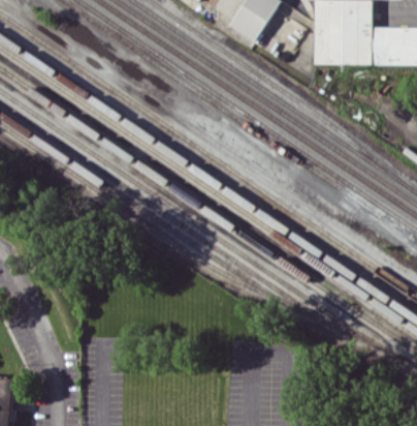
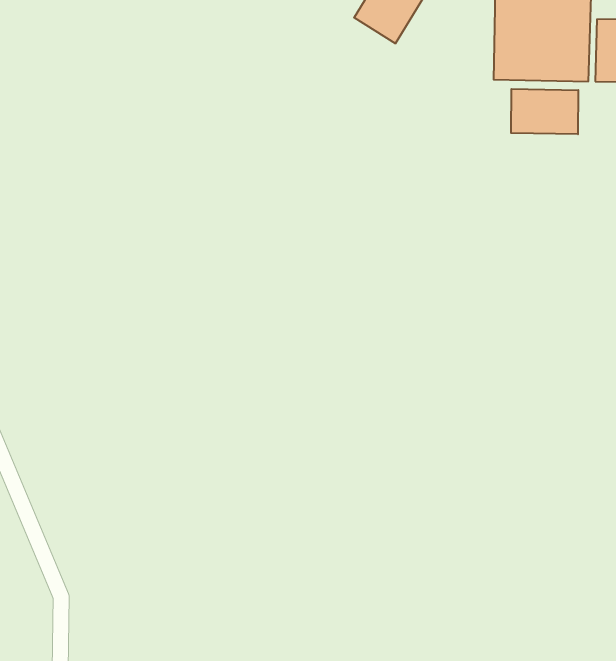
building: none -> [511,89,578,134]

